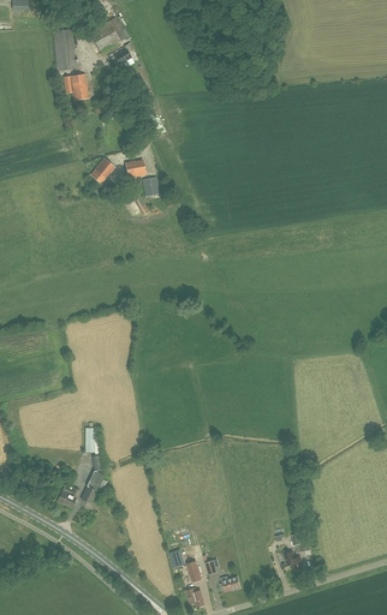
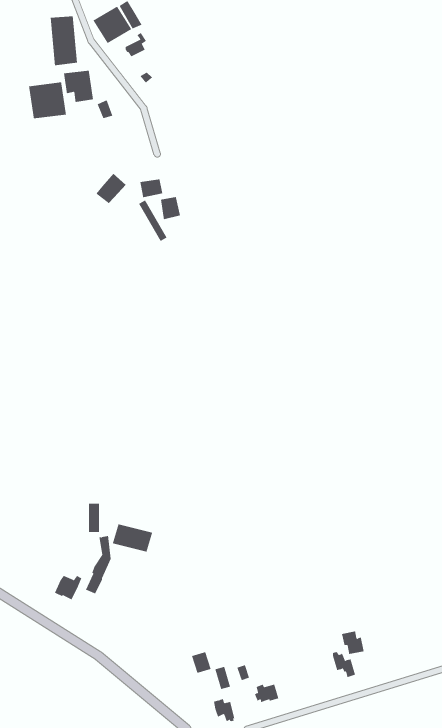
building: none -> [28,82,67,119]
building: none -> [112,523,153,552]

